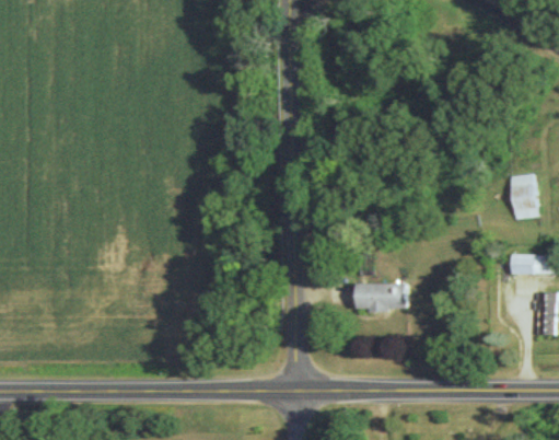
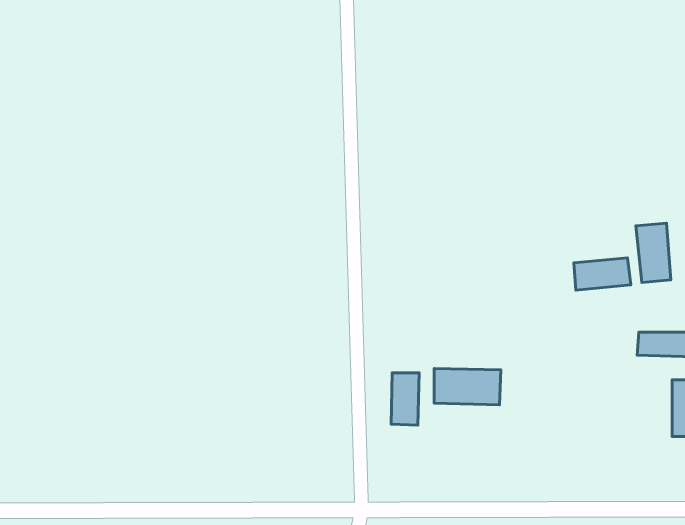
building: none -> [574,258,631,290]
building: none -> [391,373,419,425]

